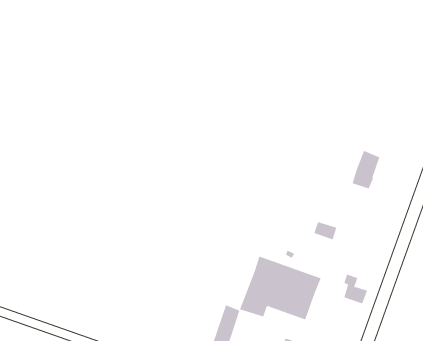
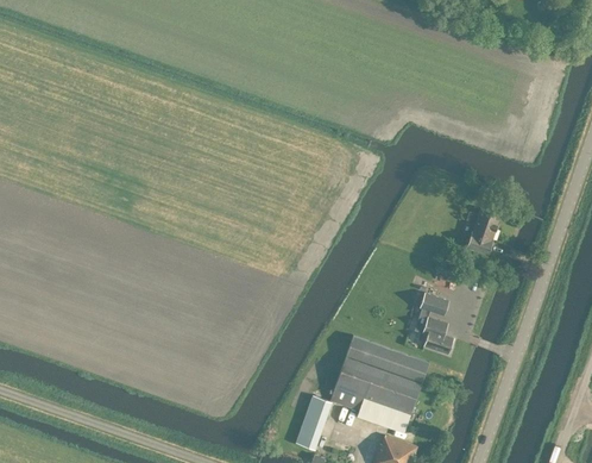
building: [343,274,368,304] -> [422,315,452,352]
building: none -> [376,402,409,431]

